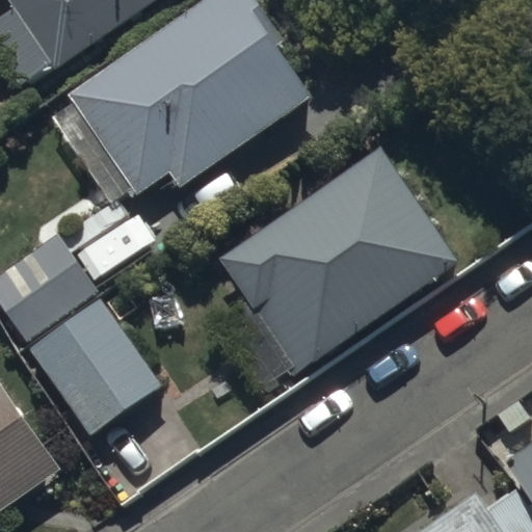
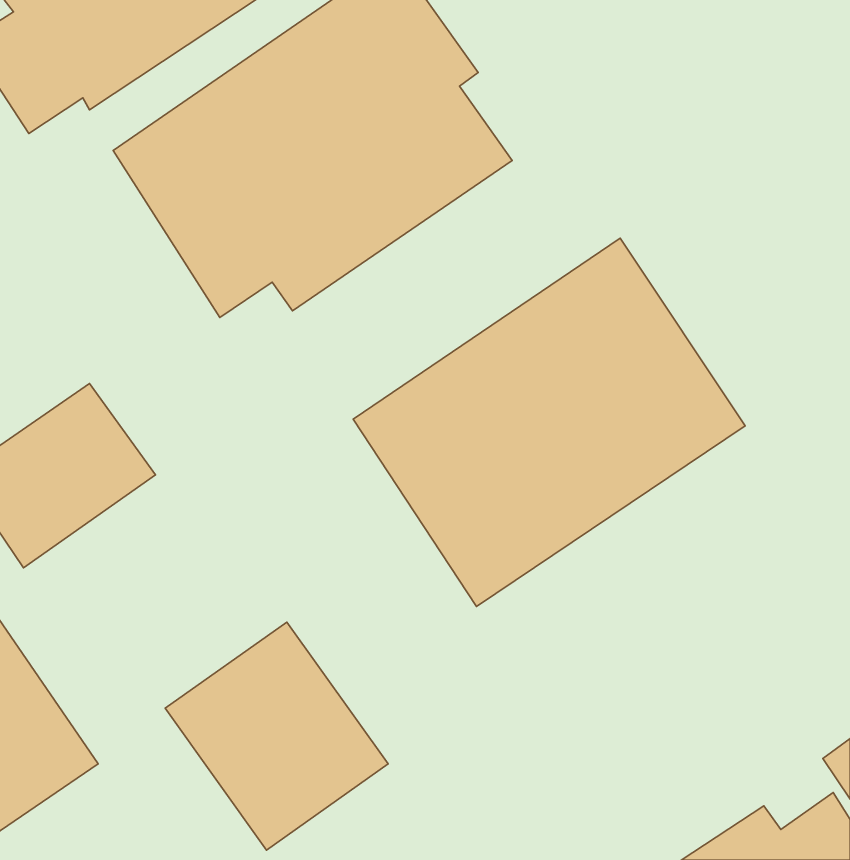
building: [25,297,162,437] -> [165,622,388,850]

